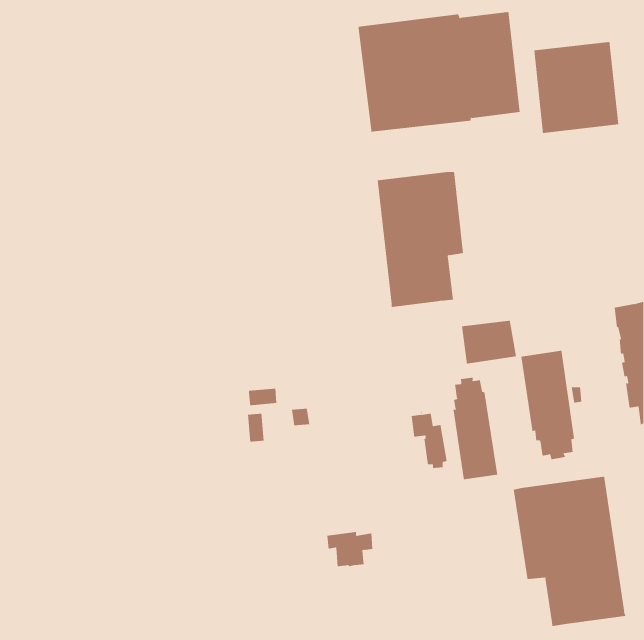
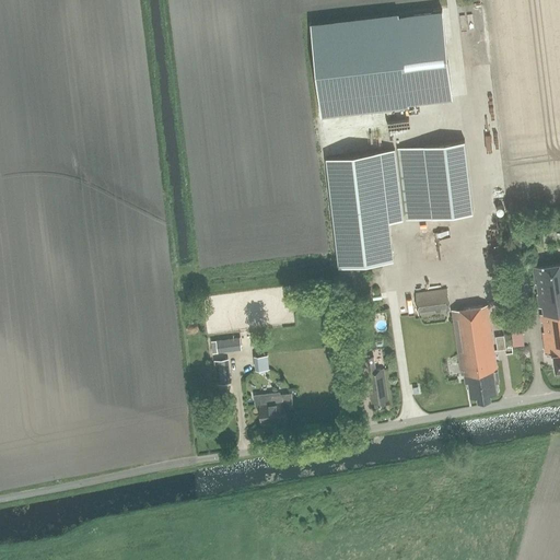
building: [533,41,619,133] -> [398,143,472,223]
building: [453,377,498,480] -> none
building: [513,476,626,627] -> none
building: [327,532,373,567] -> [253,395,293,425]

